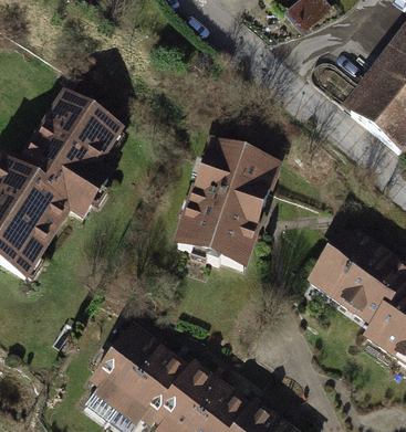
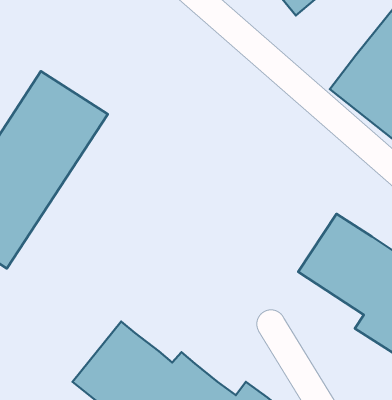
building: [171,139,279,264] -> none

